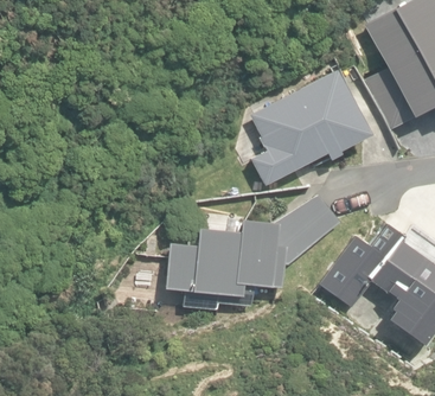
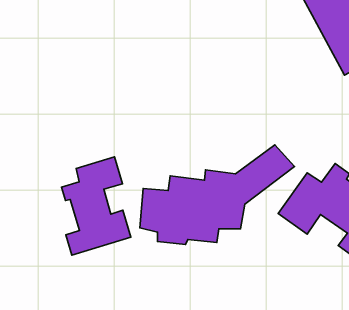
building: [248,69,370,183] -> none
building: none -> [61,157,131,255]

